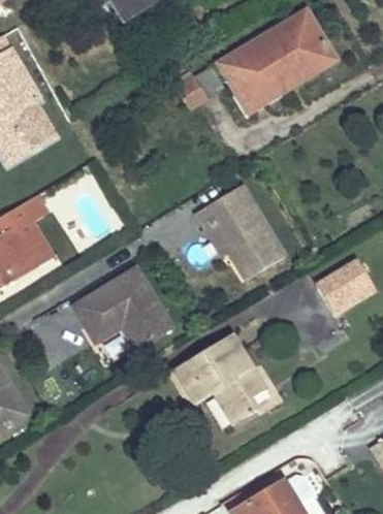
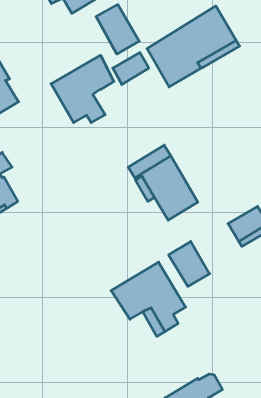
building: none -> [96,5,139,54]
building: none -> [51,55,114,123]
building: [74,268,171,348] -> none
building: none -> [169,241,210,286]

